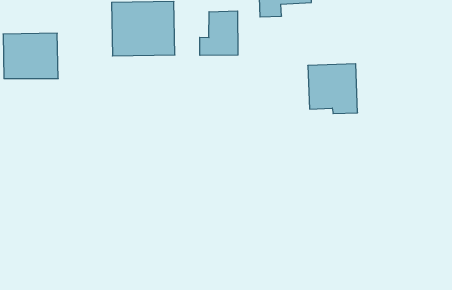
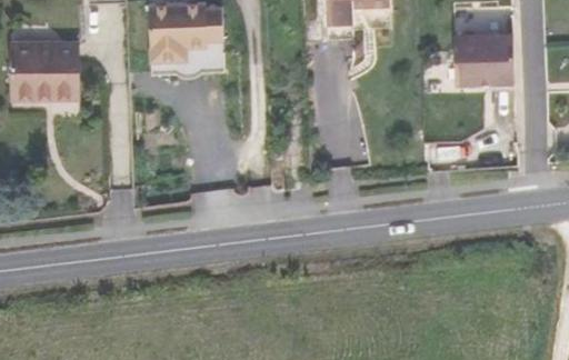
building: [200,11,238,55] -> none
building: [308,64,358,114] -> [453,31,515,92]

